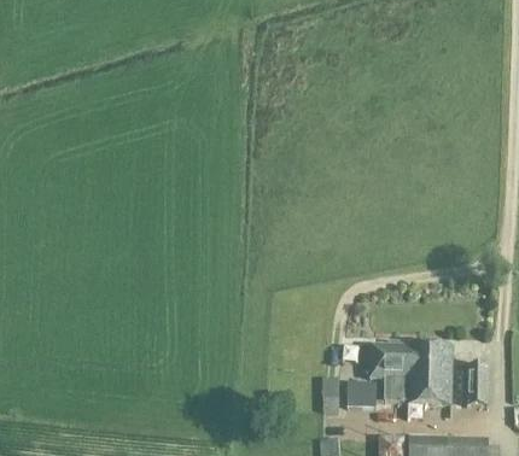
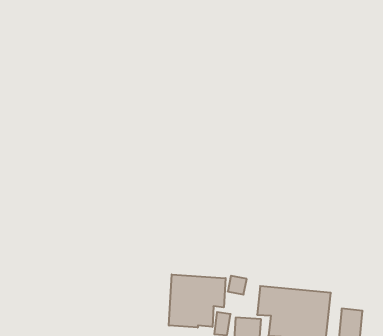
building: none -> [169,274,226,328]

